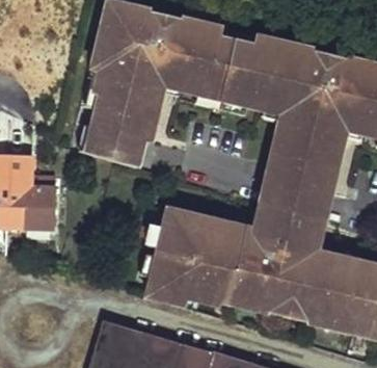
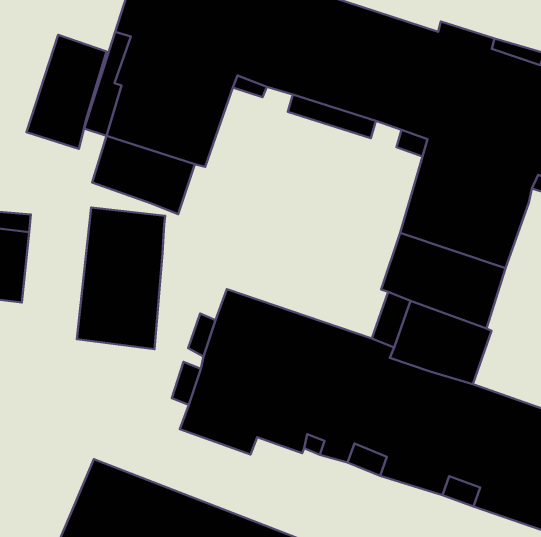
building: none -> [26,35,106,149]
building: none -> [77,207,165,349]

